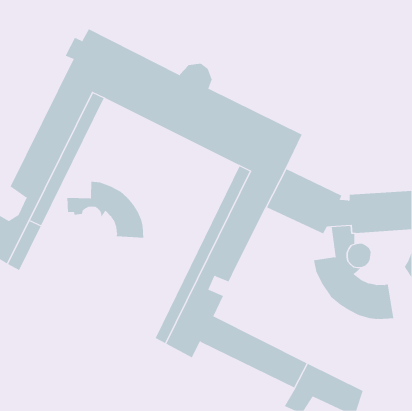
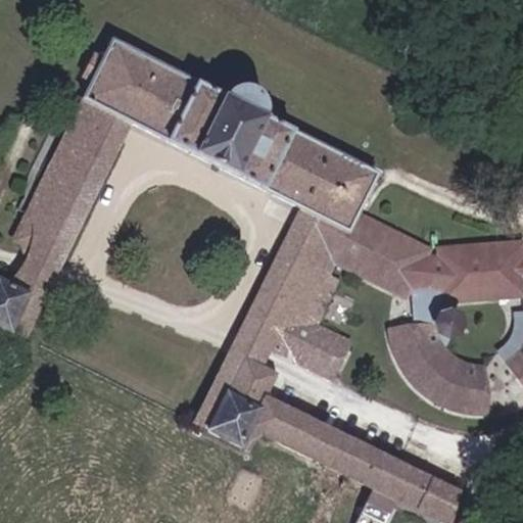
building: [67,181,144,239] -> none
building: none -> [293,274,354,376]

